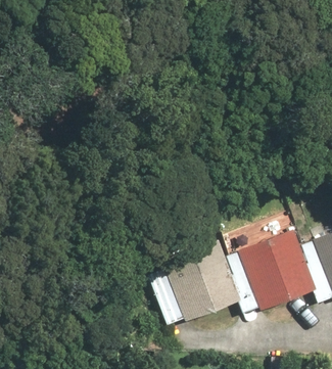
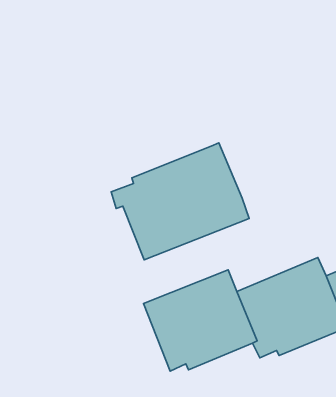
building: none -> [111,143,249,260]

